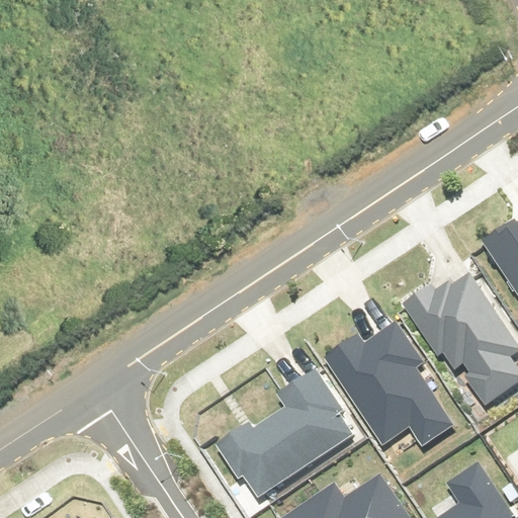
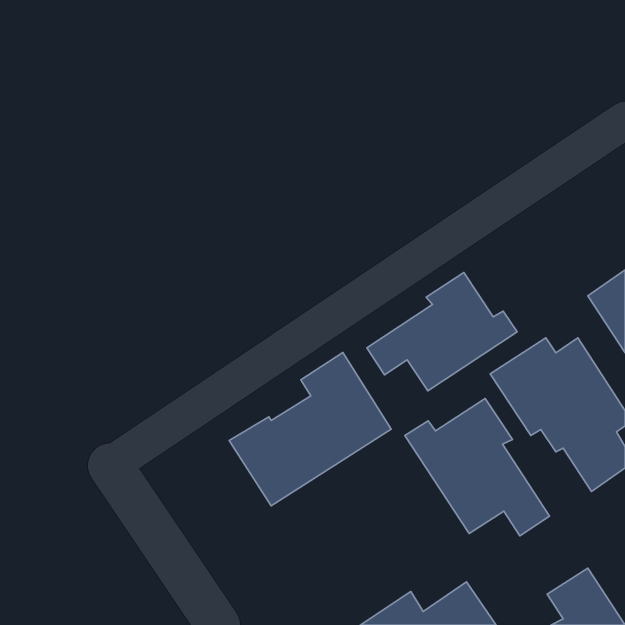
building: none -> [367,273,517,391]
building: [222,372,354,498] -> [229,353,391,506]

